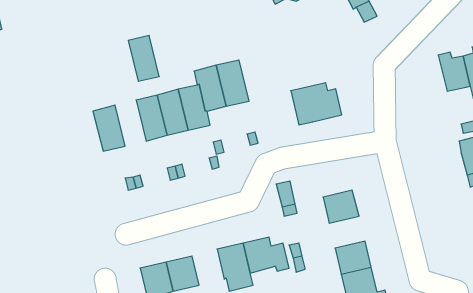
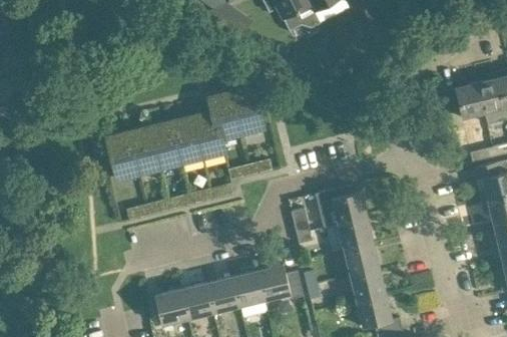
building: [128,35,159,81] -> [129,127,160,174]
building: [291,83,342,125] -> [316,186,367,228]
building: none -> [344,244,380,276]
building: none -> [206,277,238,313]

